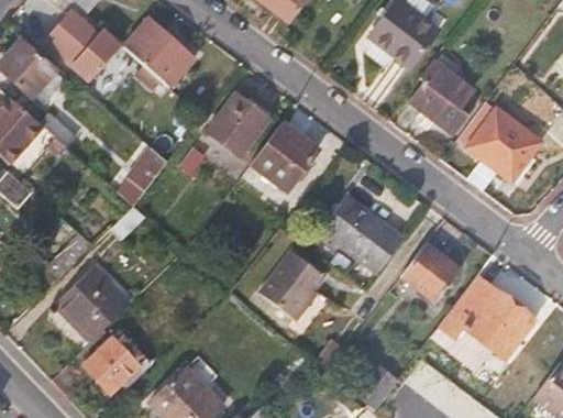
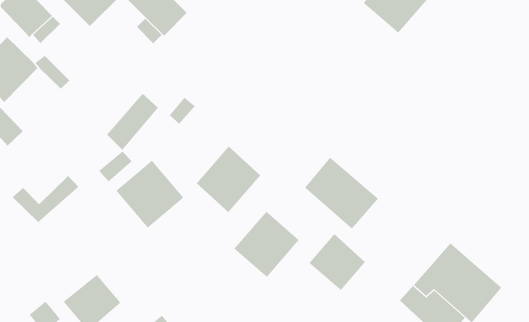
building: [410,61,478,132] -> none
building: [209,94,268,154] -> none
building: [467,110,539,179] -> none
building: [252,120,318,189] -> [196,145,261,213]
building: [401,241,460,299] -> [309,233,366,291]
building: [57,267,128,338] -> [116,160,184,229]

